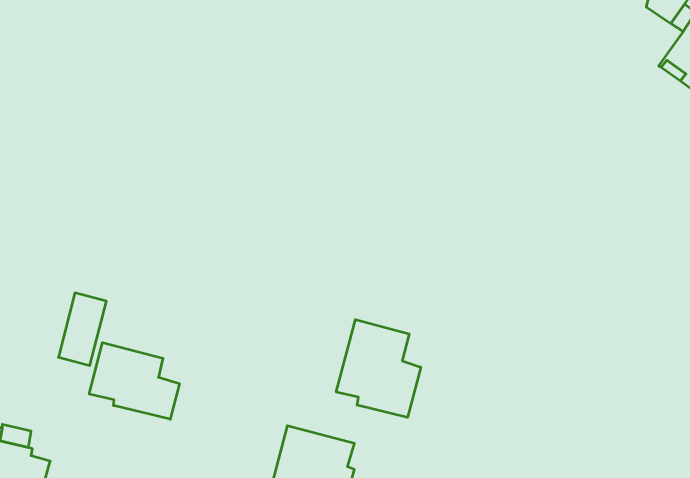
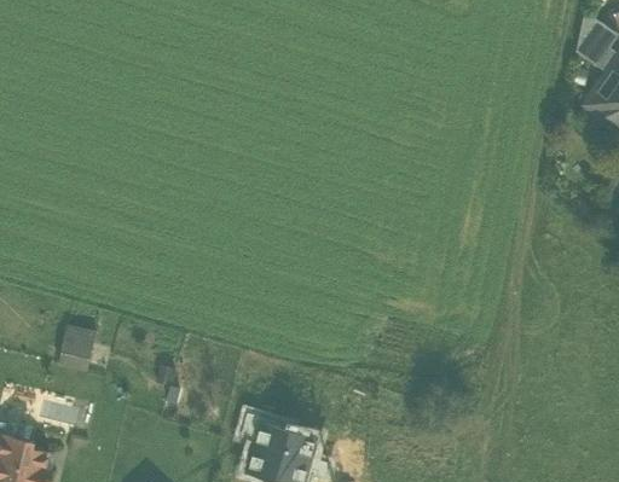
building: [336,320,421,417] -> none
building: [89,343,179,419] -> none

